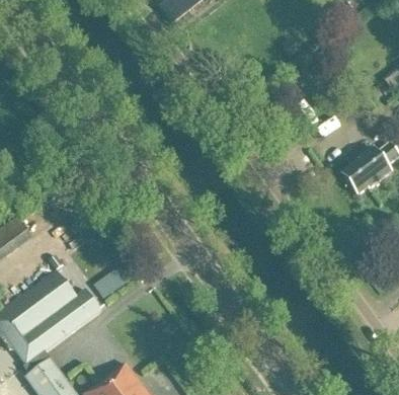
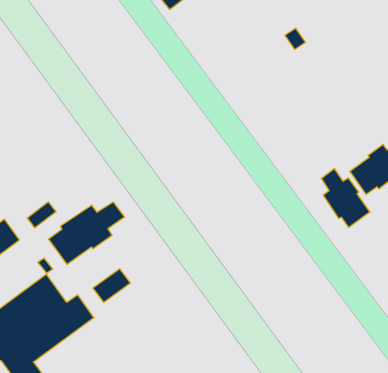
building: none -> [321,169,370,227]
building: none -> [49,202,125,264]

